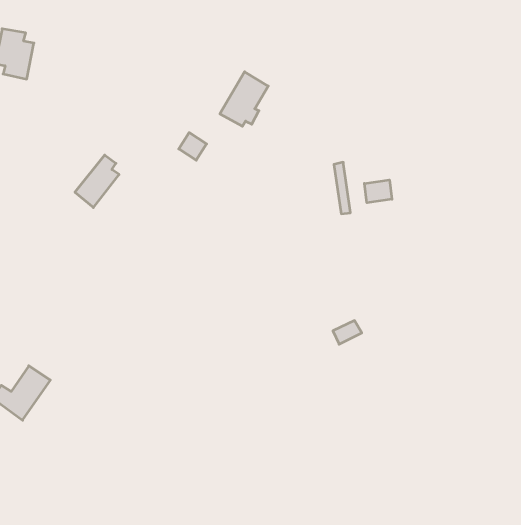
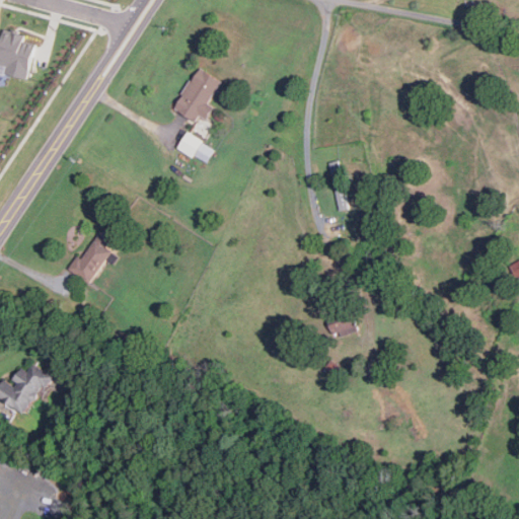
building: [220,72,268,126] -> [172,67,220,121]
building: [75,155,119,208] -> [68,232,112,284]
building: [364,180,392,203] -> none

